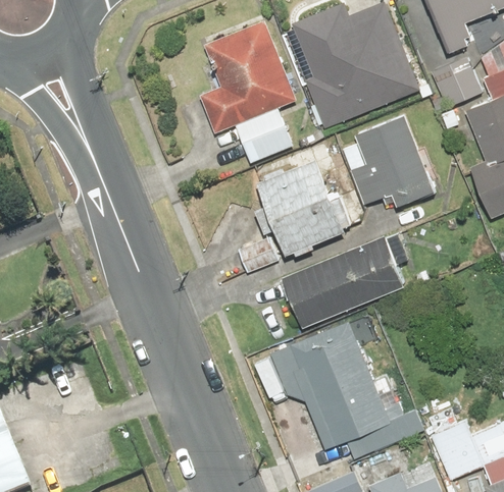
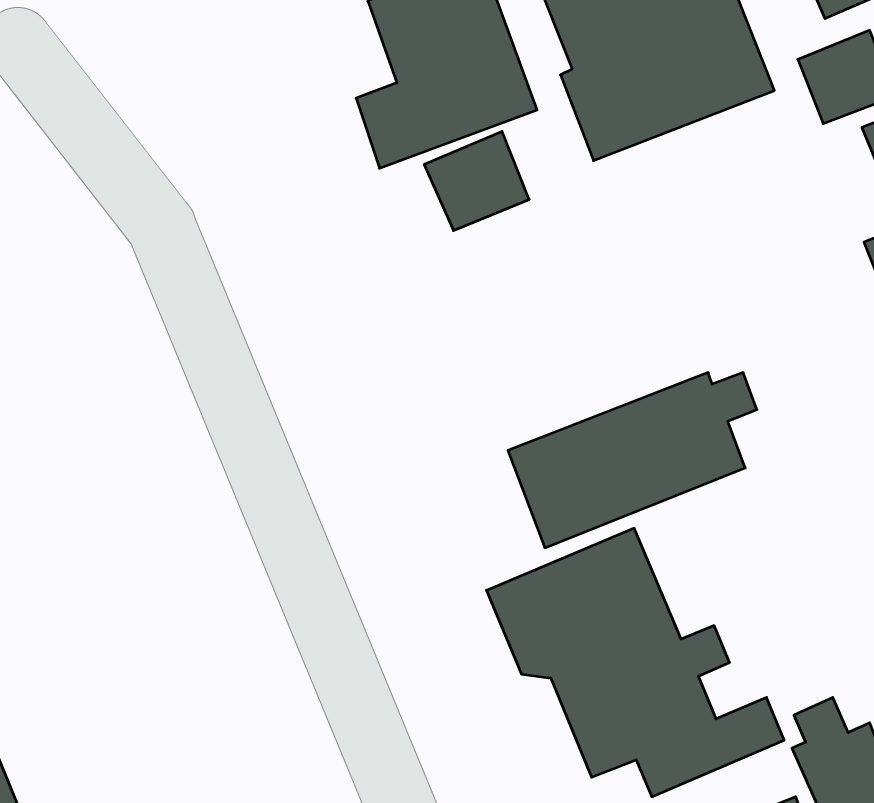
building: [351,116,432,207] -> none
building: [237,160,355,272] -> none

